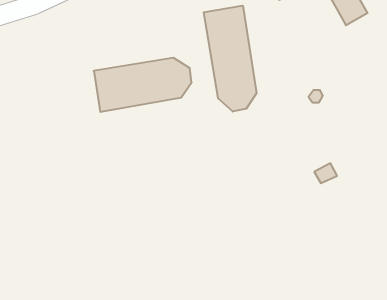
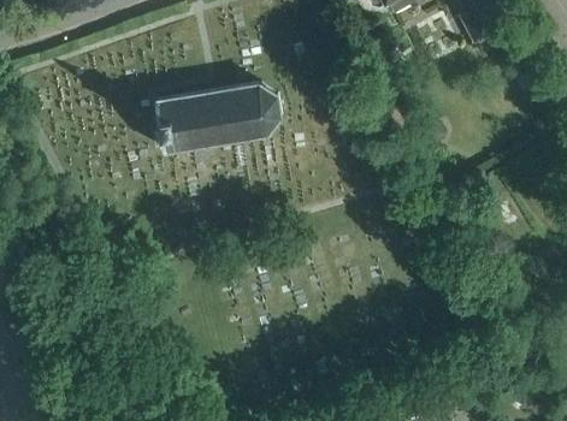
building: [204,6,257,112] -> none

